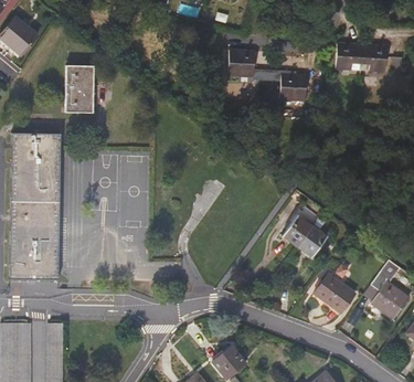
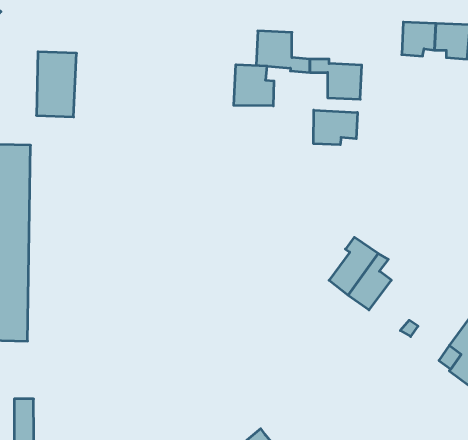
building: none -> [234,65,274,106]
building: none -> [314,110,357,145]
building: [314,273,355,312] -> none

